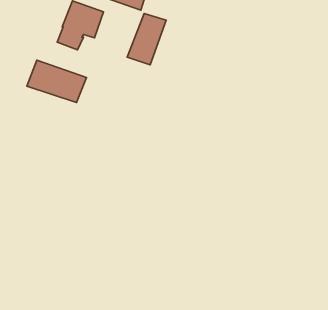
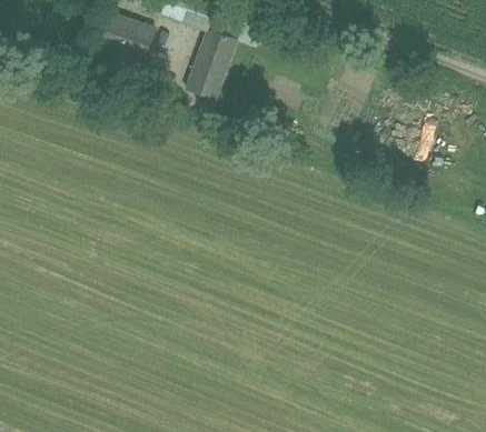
building: [27,60,86,102] -> none

